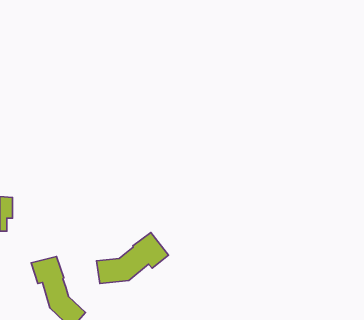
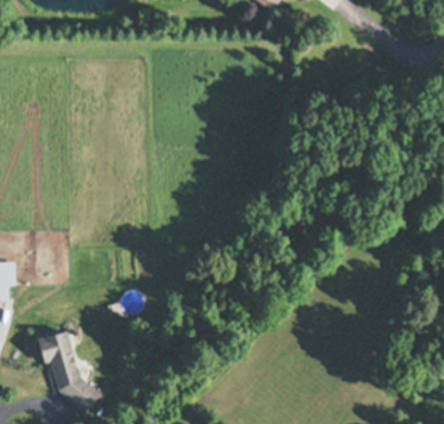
building: [96,233,169,284] -> none

